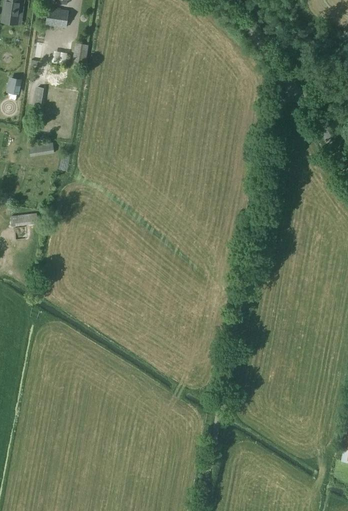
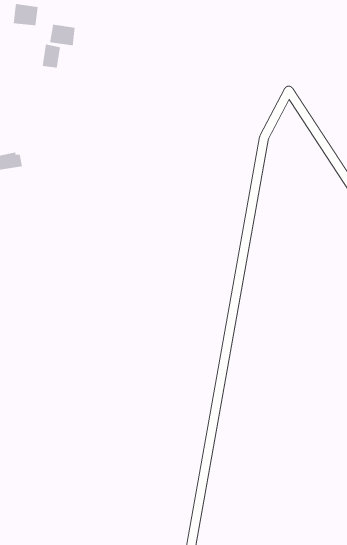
building: none -> [49,24,75,46]

